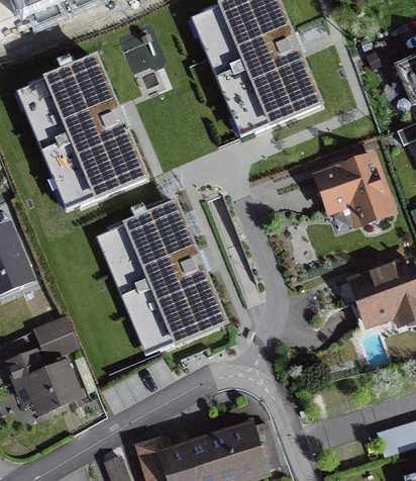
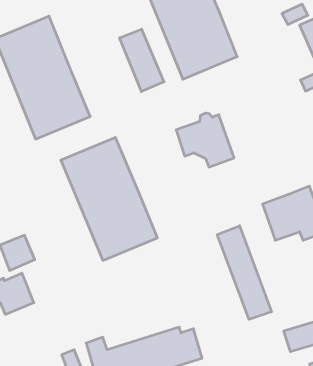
building: none -> [120,29,164,92]
building: [318,157,388,221] -> [176,113,234,167]
building: none -> [217,226,271,319]

